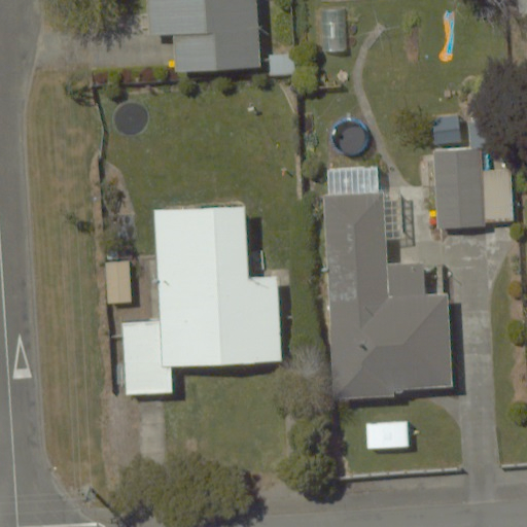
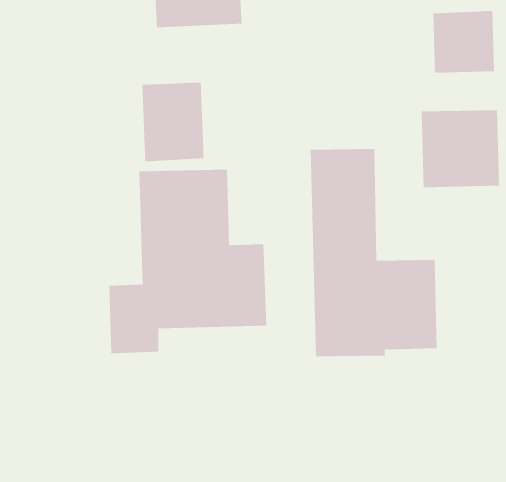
building: none -> [433,10,494,73]
building: none -> [142,82,204,162]

